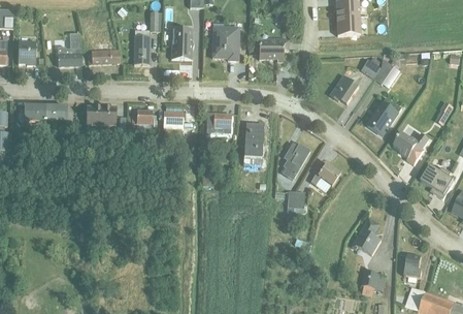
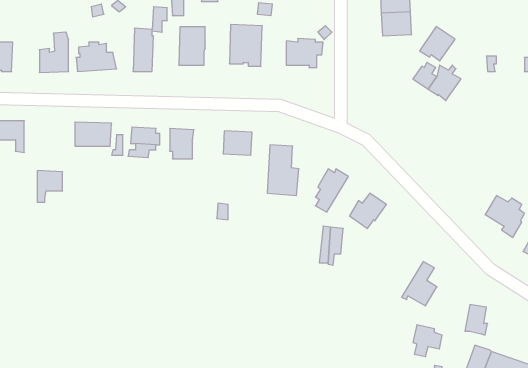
building: [330,74,359,102] -> [420,27,455,61]
building: [367,96,401,134] -> none
building: [44,103,65,129] -> [37,171,63,202]
building: [393,131,429,164] -> none

